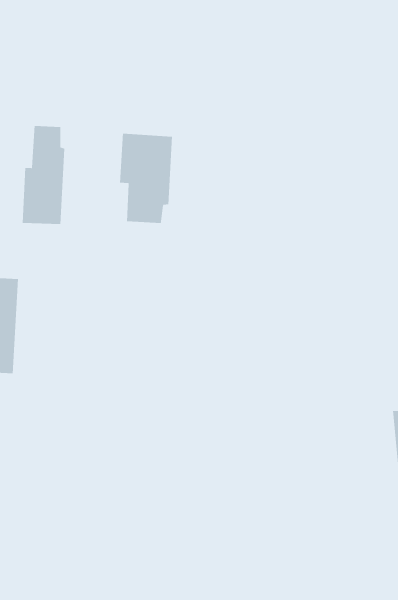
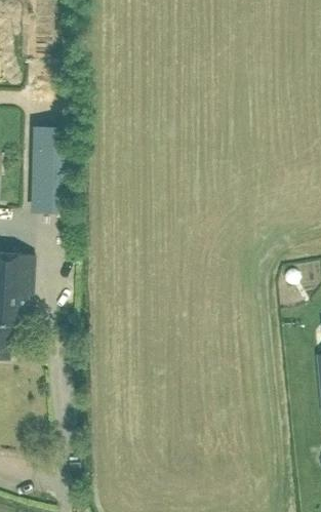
building: [119,133,173,224] -> none

